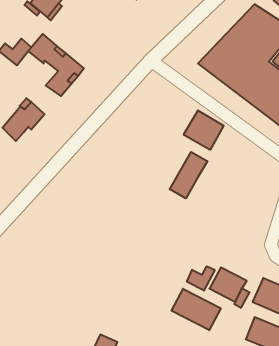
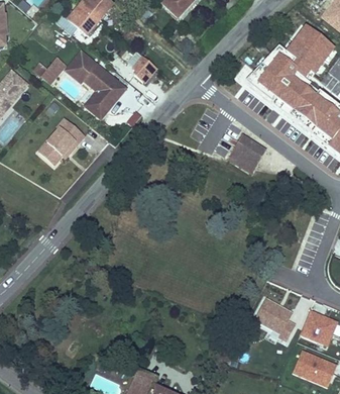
building: none -> [122,52,156,84]
building: [170,152,207,198] -> none
building: [187,266,215,291] -> none
building: [171,289,221,330] -> none

